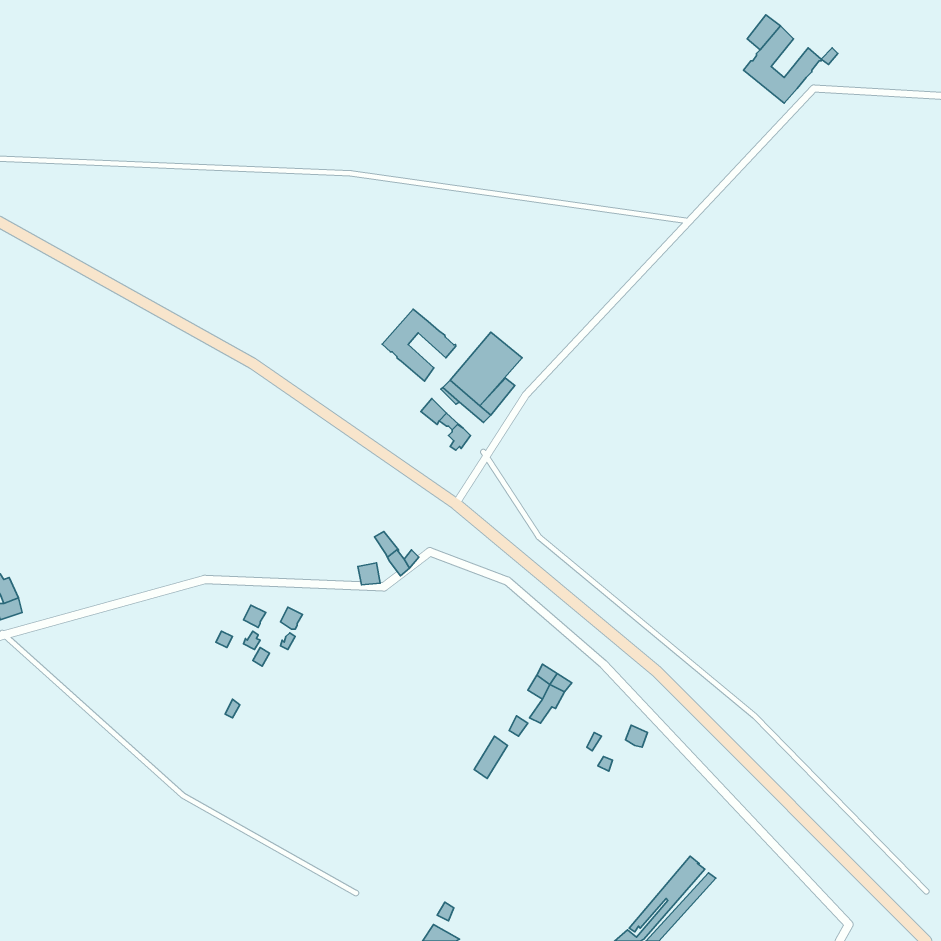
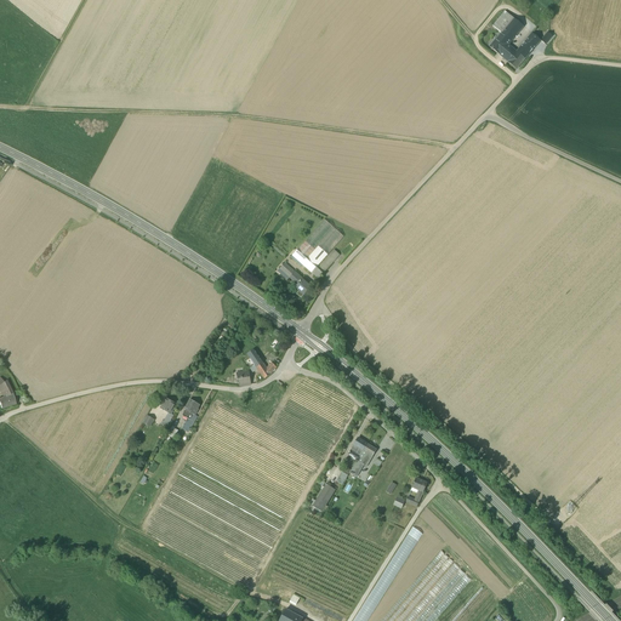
building: [382,309,456,381] -> none

